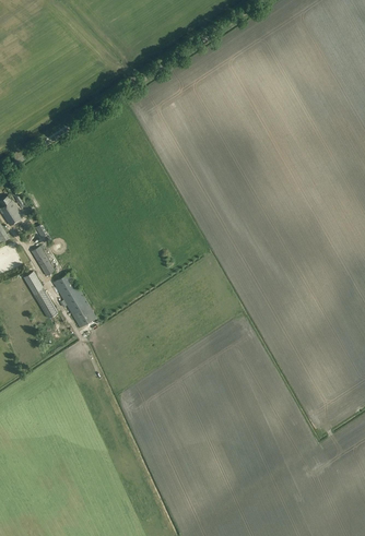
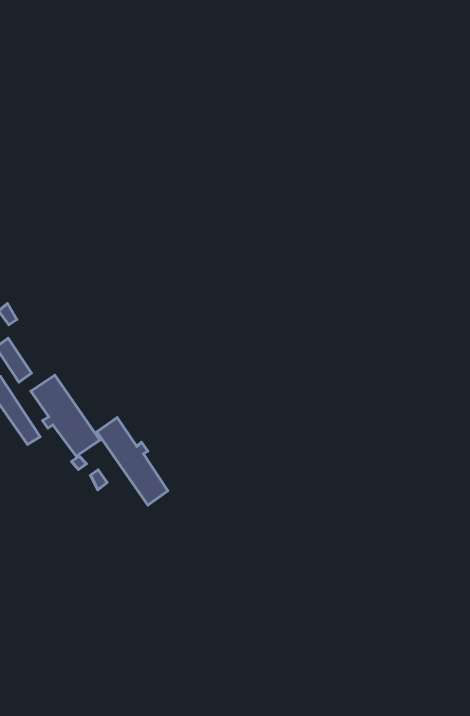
building: none -> [97,417,168,505]

